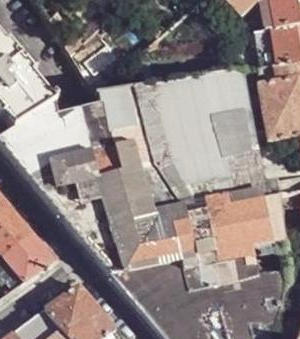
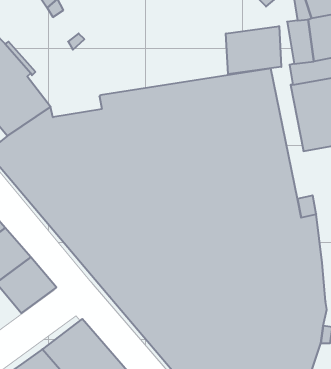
building: none -> [226,26,281,74]

